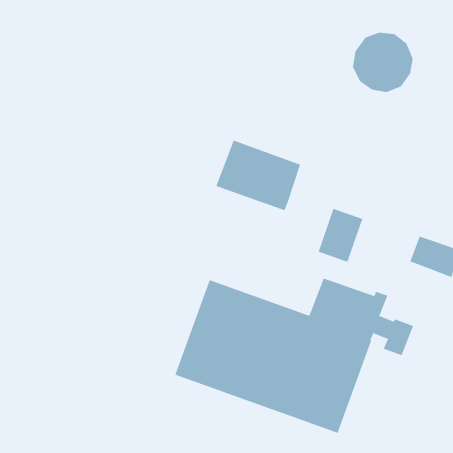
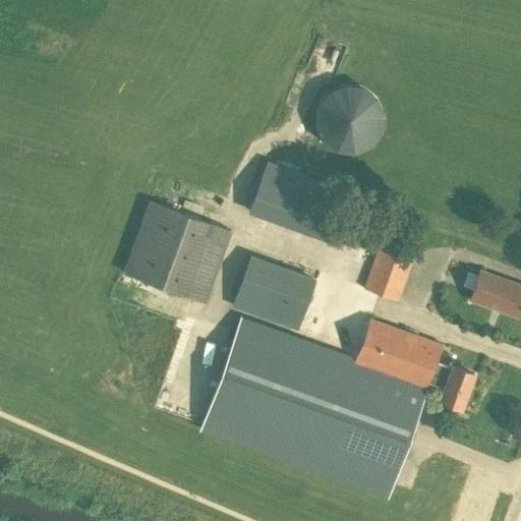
building: [352,32,413,93] -> [315,85,386,155]
building: none -> [124,201,233,304]
building: none -> [232,256,317,332]

